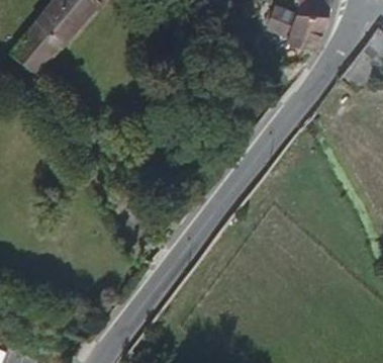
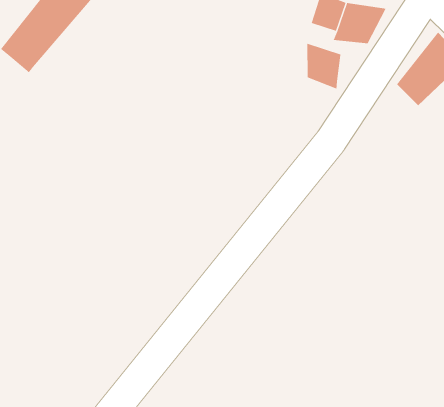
building: none -> [307,43,341,89]

